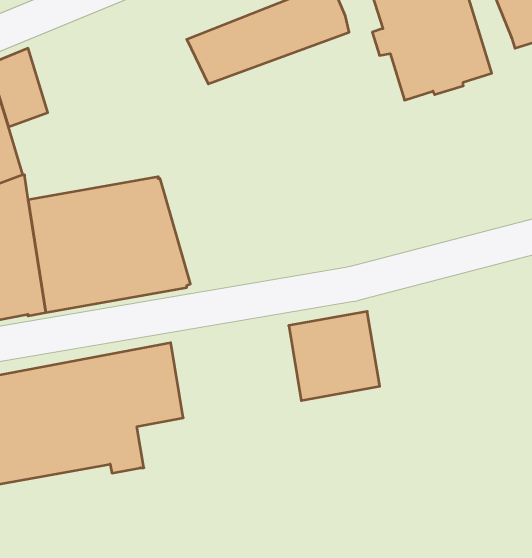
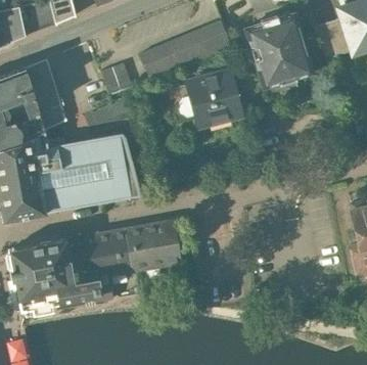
building: none -> [101,61,132,93]
building: none -> [185,71,242,126]
building: none -> [36,95,66,131]
building: [289,311,380,401] -> [129,219,181,270]

